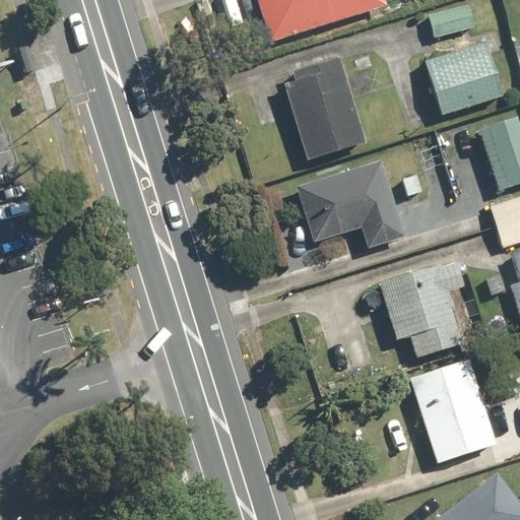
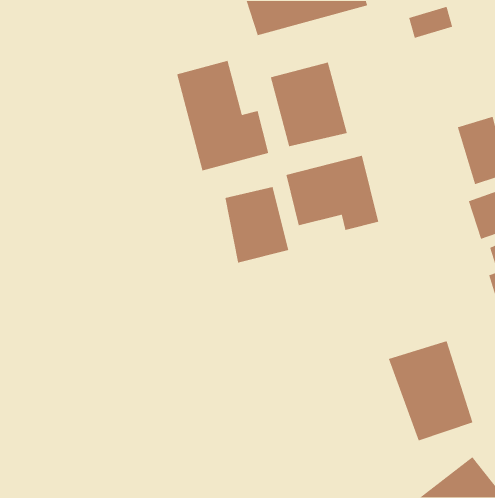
building: [428,48,502,117] -> none
building: none -> [176,60,269,171]
building: none -> [225,186,289,264]
building: [378,261,464,350] -> none

